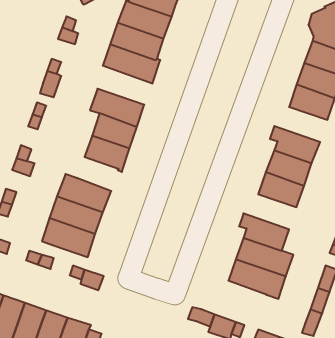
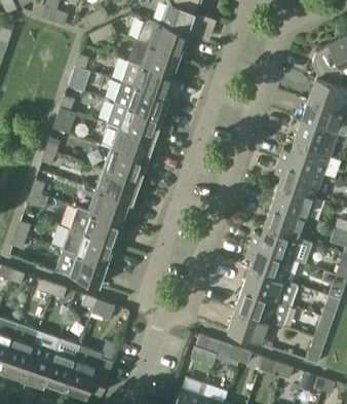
building: none -> [107,102,162,140]
building: none -> [279,142,331,176]
building: none -> [89,190,129,223]
building: none -> [249,226,301,260]
building: none -> [227,309,272,344]

